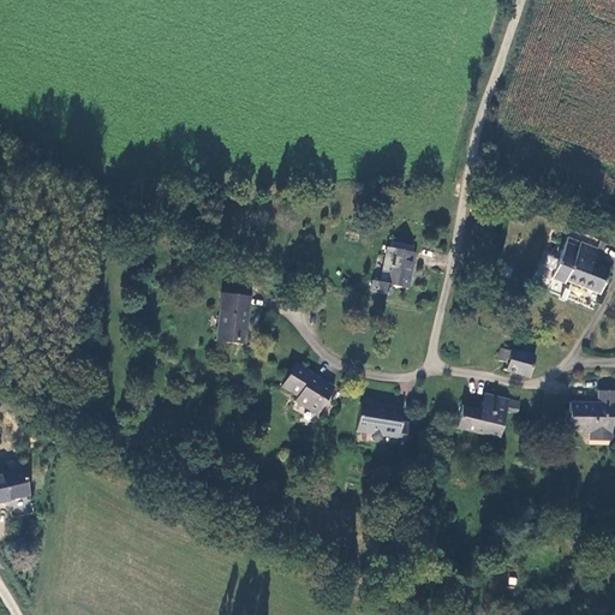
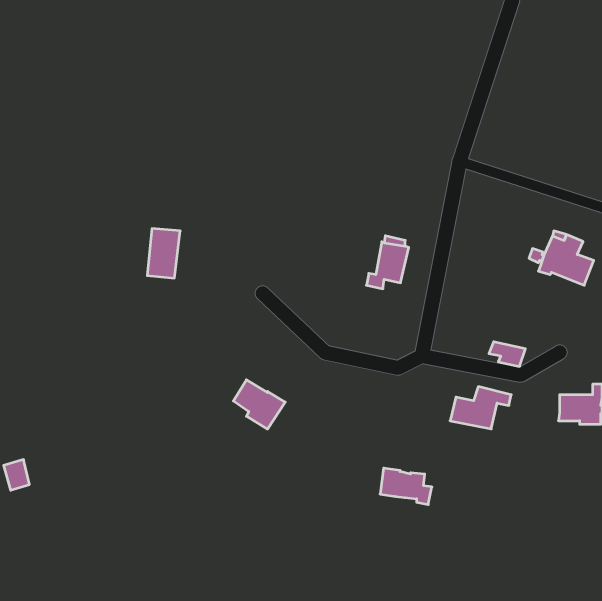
building: [219,293,252,344] -> [147,229,180,278]
building: [282,364,335,414] -> [233,380,285,429]
building: [358,404,411,441] -> [380,468,432,505]

